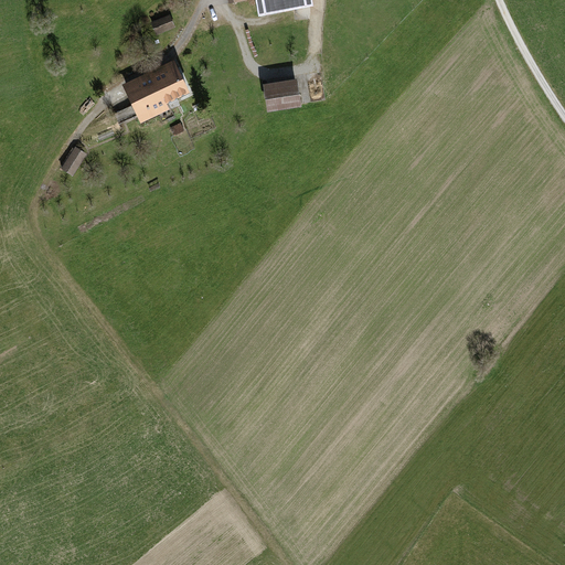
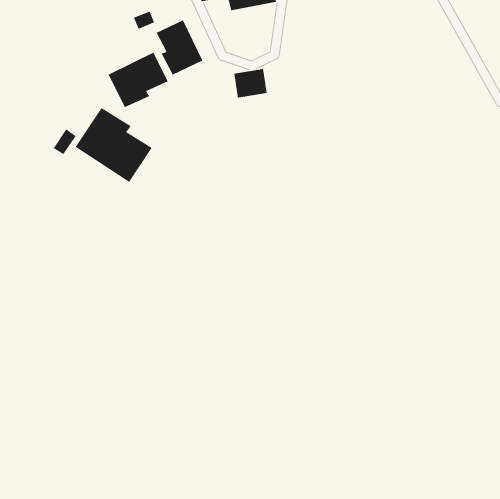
building: none -> [156,20,203,76]
building: none -> [75,107,153,183]

